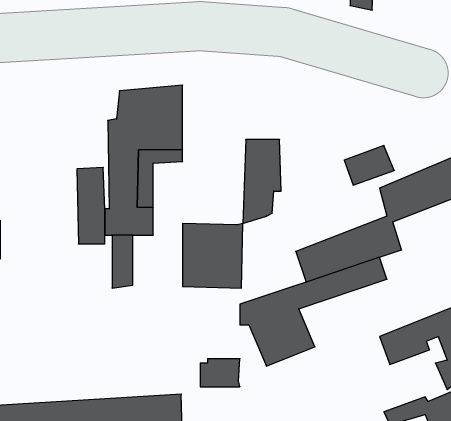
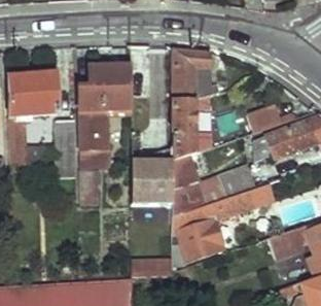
building: none -> [176,46,217,100]
building: none -> [9,74,58,167]
building: none -> [172,154,209,215]

